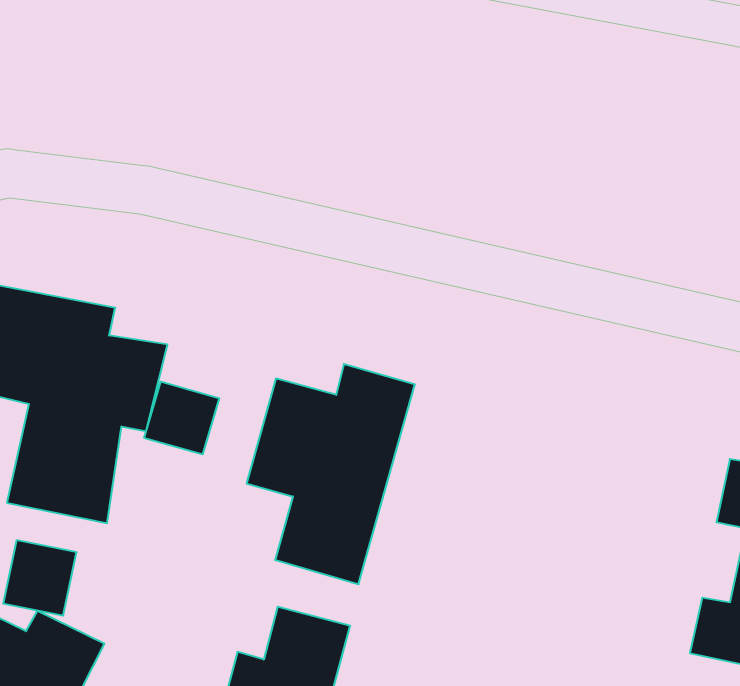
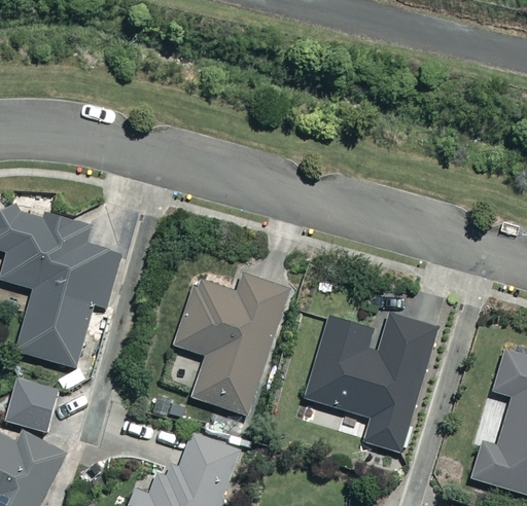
building: [144,382,219,454] -> none
building: none -> [305,308,440,451]

